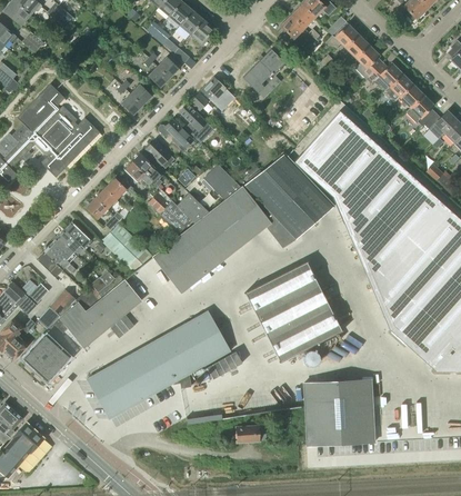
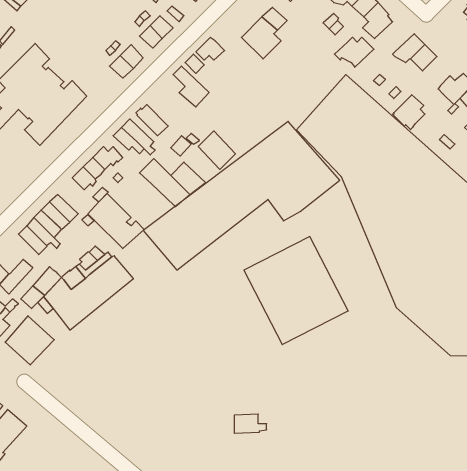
building: [365,62,402,90] -> [334,37,374,67]
building: [405,95,435,127] -> [393,95,425,130]
building: [158,119,192,151] -> none
building: [87,310,230,418] -> none
building: [302,378,374,446] -> none

